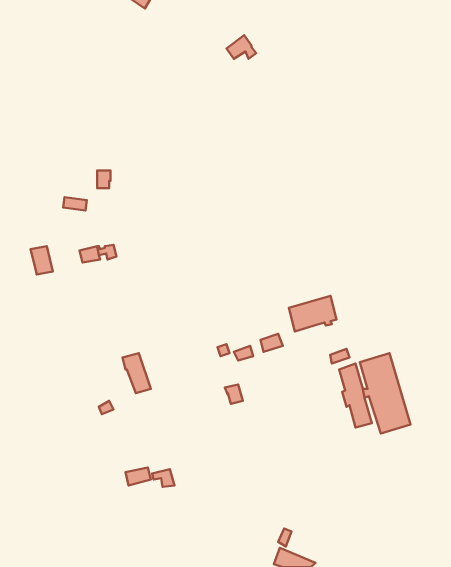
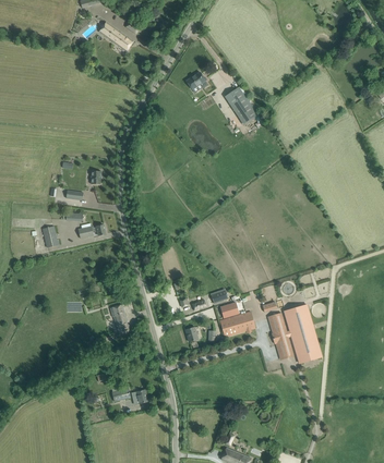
building: none -> [225,87,257,124]
building: [289,296,336,332] -> [220,312,255,338]

